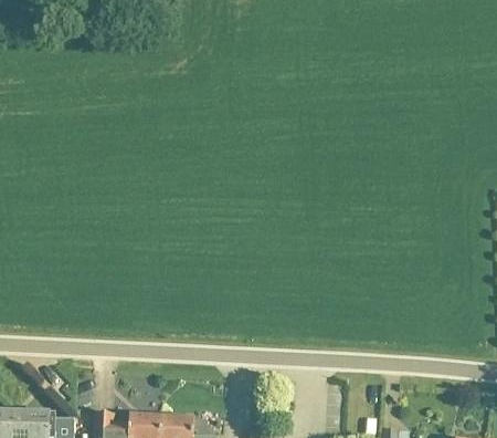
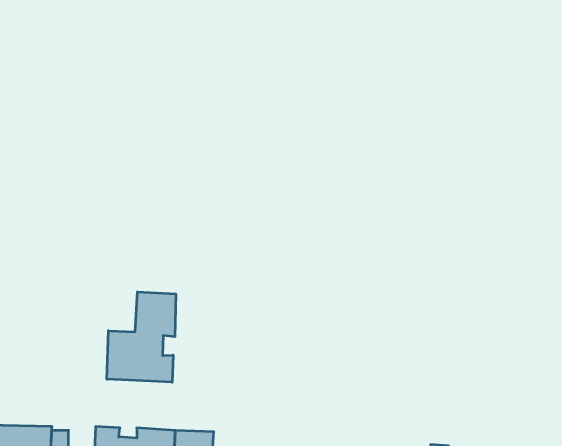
building: none -> [107,292,176,382]

